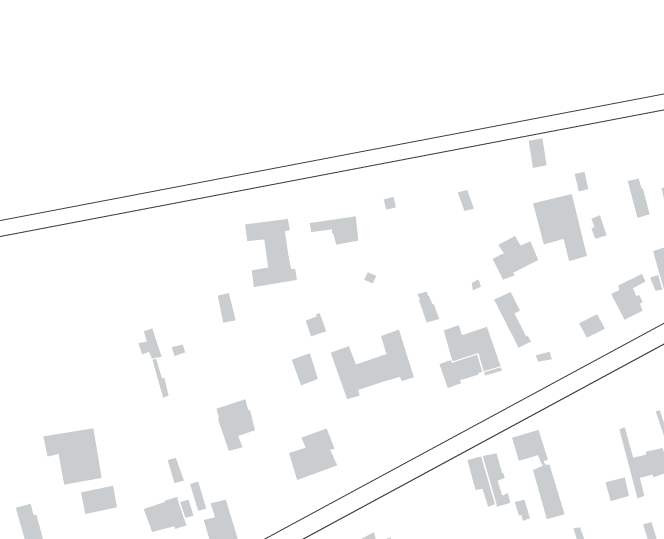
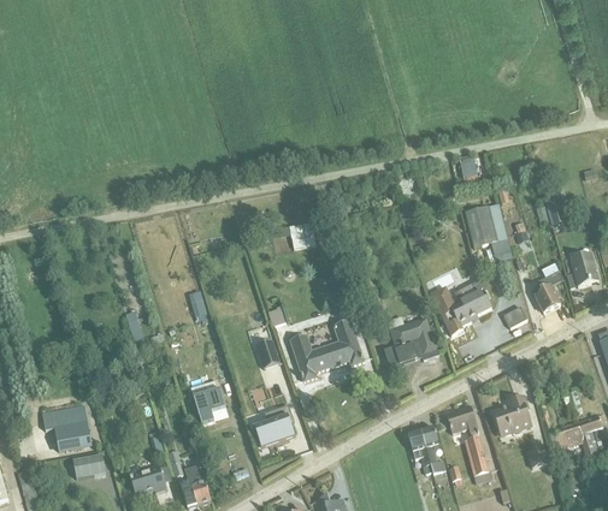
building: [245,218,298,288] -> none
building: [492,235,539,281] -> [449,285,490,325]
building: none -> [491,394,532,438]

